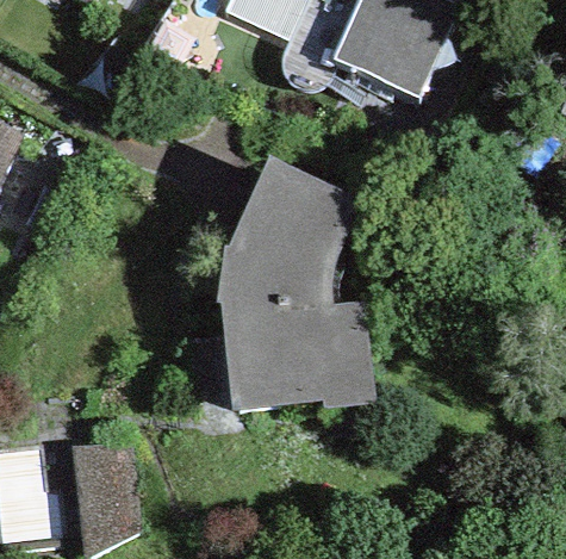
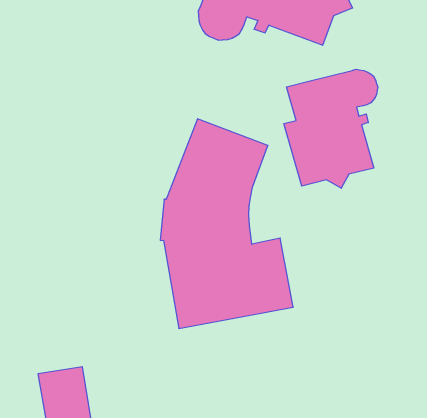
building: none -> [284,69,378,188]

